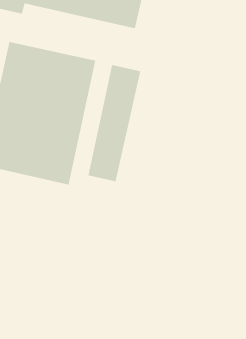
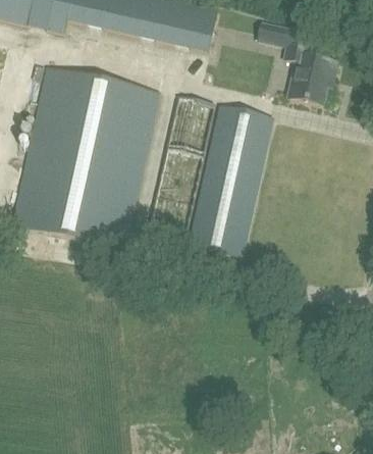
building: none -> [258,21,336,103]
building: none -> [190,104,272,256]

